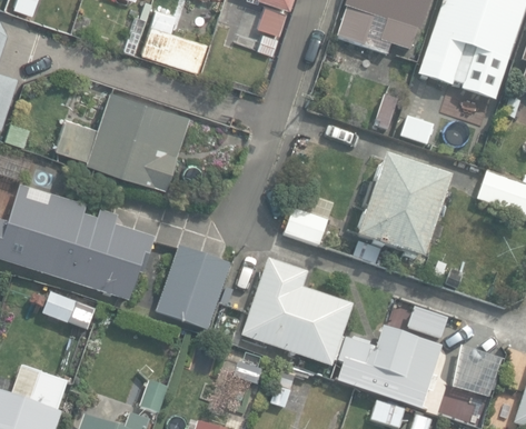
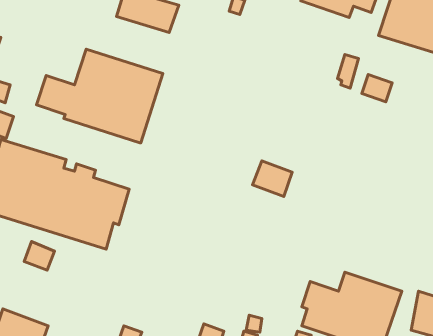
building: [356,153,450,260] -> none
building: [155,246,230,330] -> none
building: [241,258,353,367] -> none

